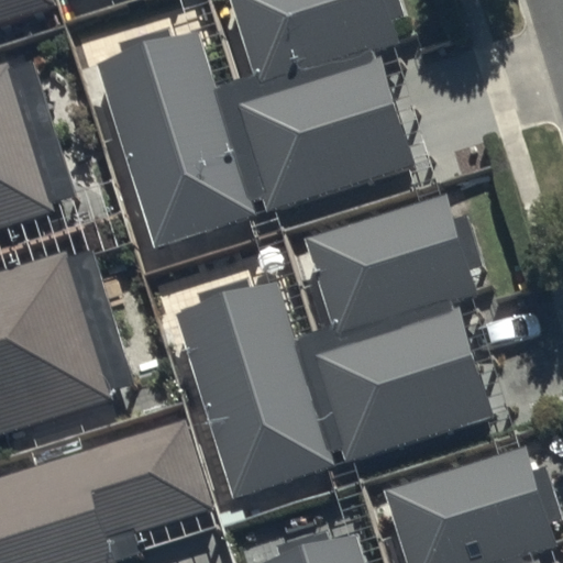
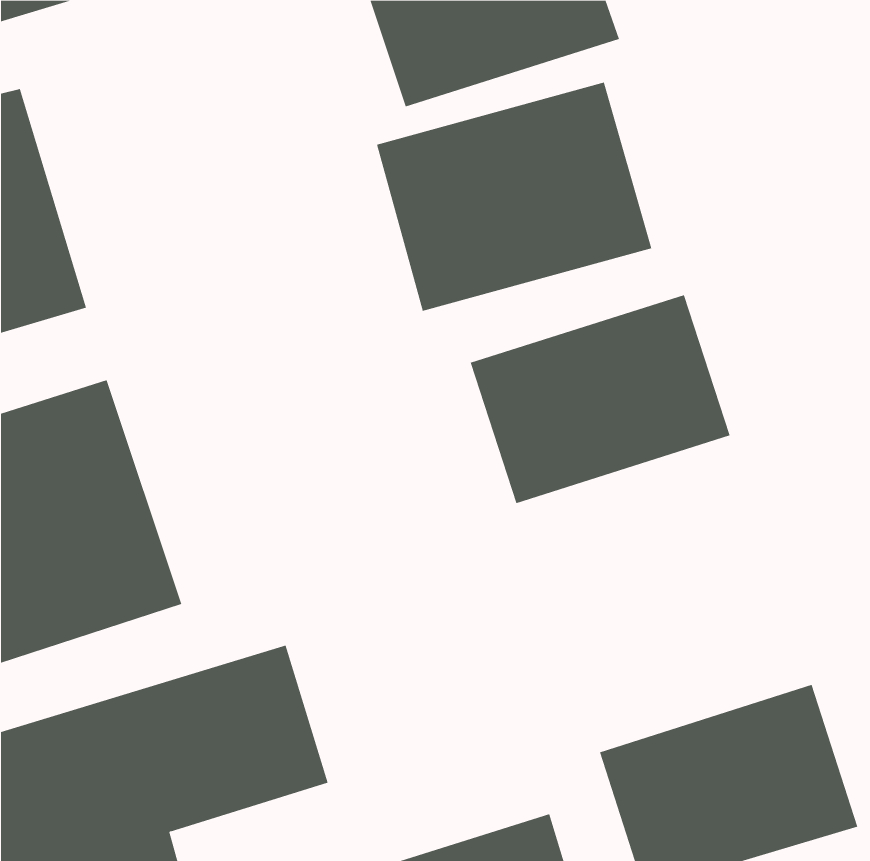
building: [100,23,261,242] -> none
building: [172,279,332,498] -> none
building: [314,314,492,463] -> none

